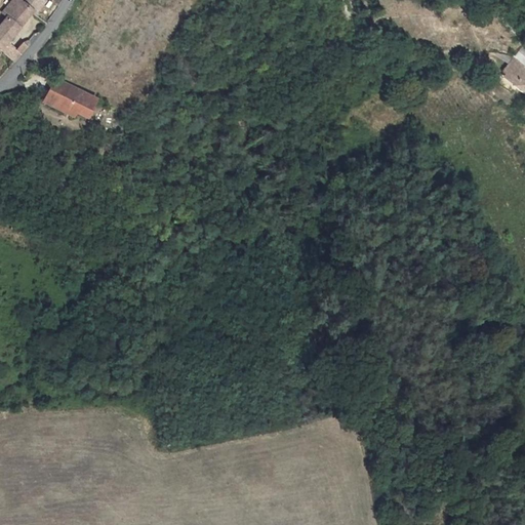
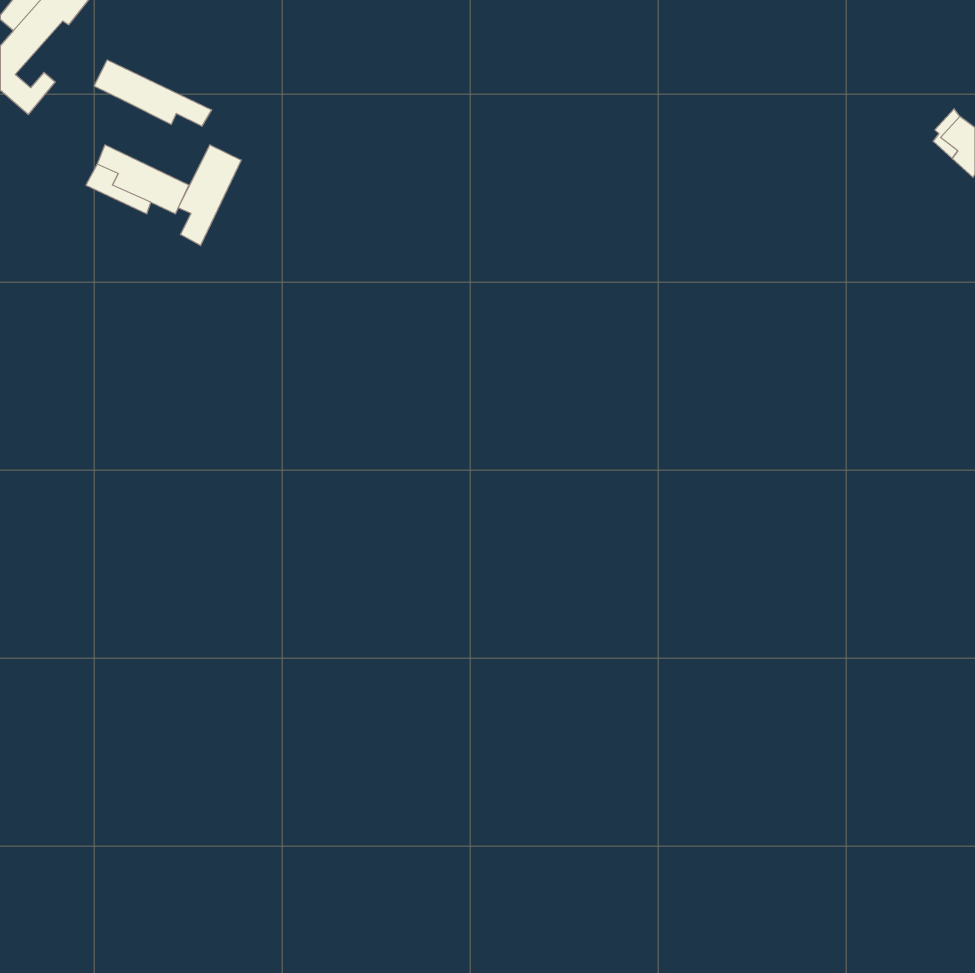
building: none -> [94,60,212,126]
building: none -> [178,145,241,246]

